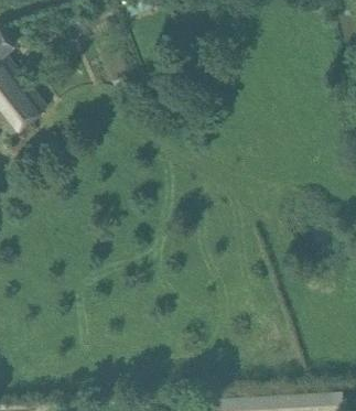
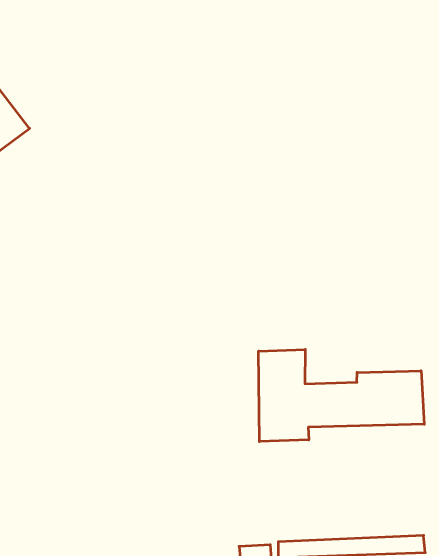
building: none -> [259,349,424,442]

